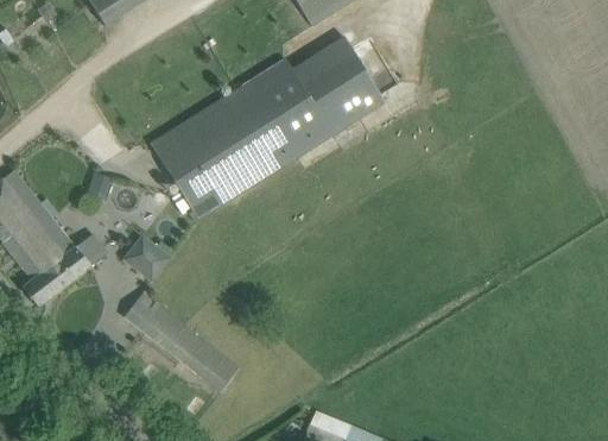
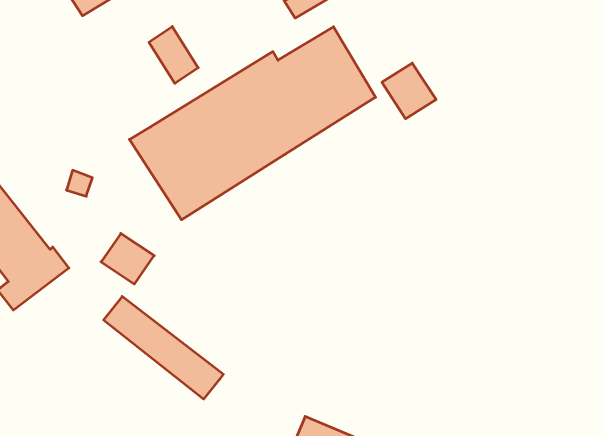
building: none -> [149,26,198,83]
building: none -> [382,63,436,119]

